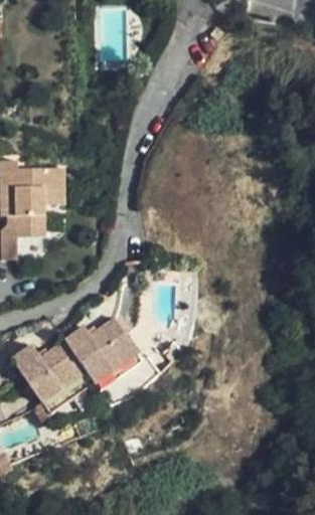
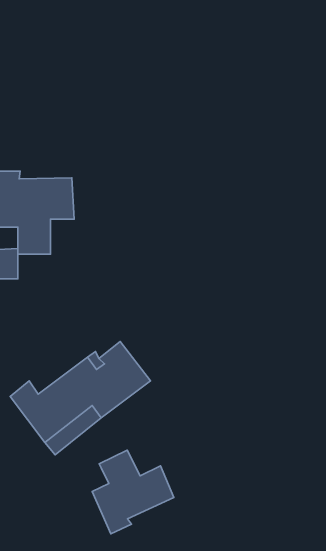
building: none -> [92,450,174,534]

